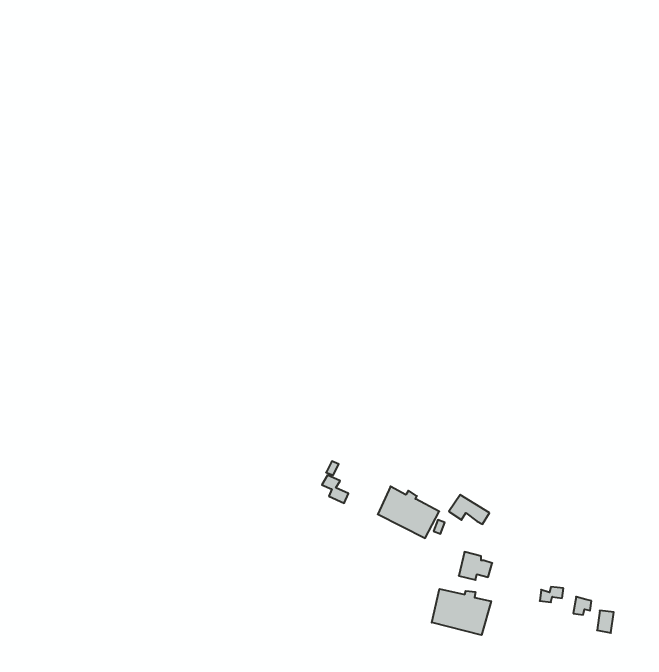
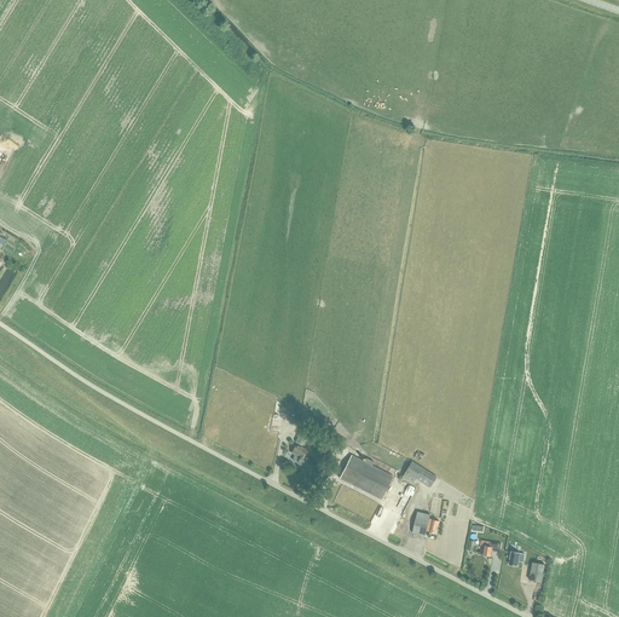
building: [432,589,491,635] -> none

